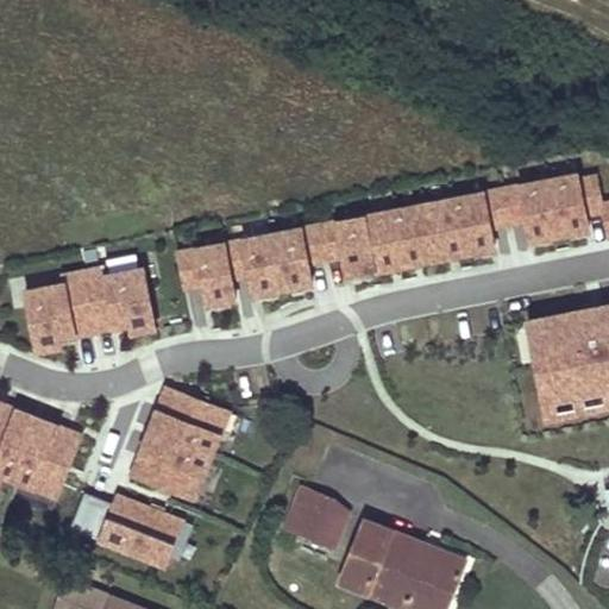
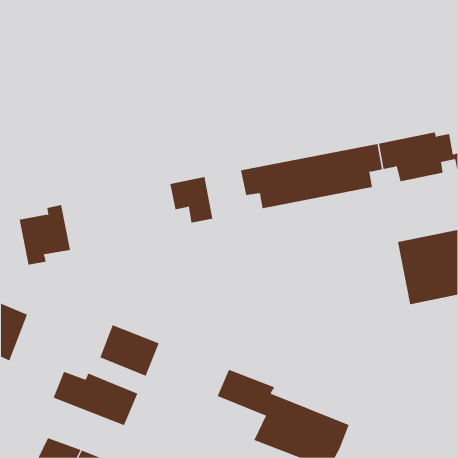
building: [272,226,326,290] -> none
building: [178,244,236,304] -> none
building: [82,268,156,333] -> none
building: [149,387,230,456] -> none
building: [13,417,81,497] -> none

